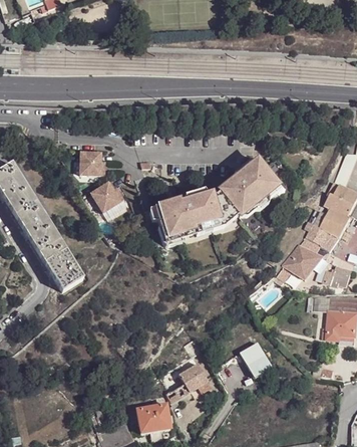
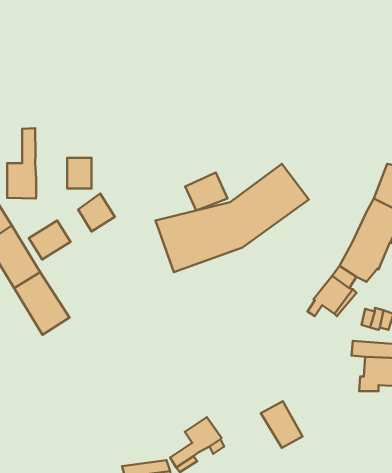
building: none -> [7,128,36,199]
building: none -> [185,173,227,210]
building: none -> [29,221,70,259]

